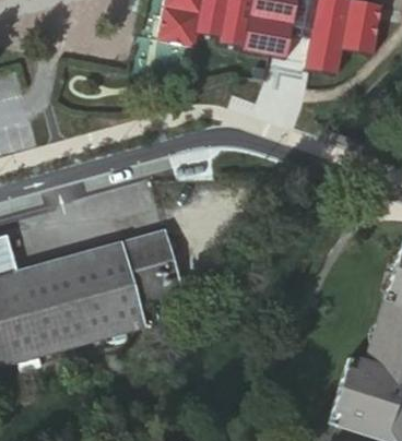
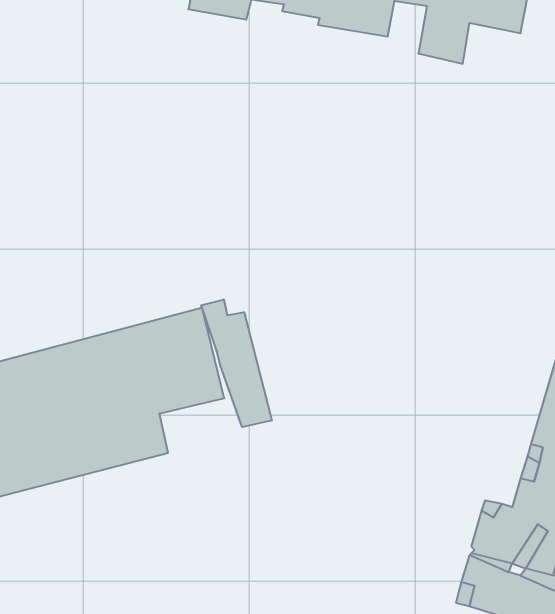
building: none -> [201,299,272,427]

